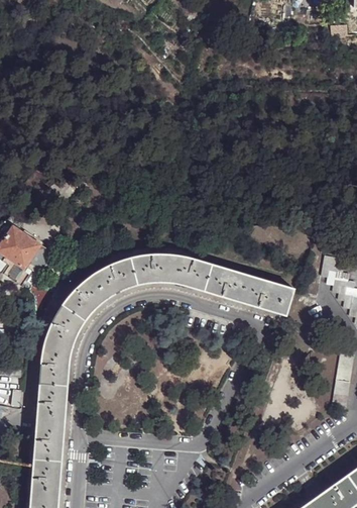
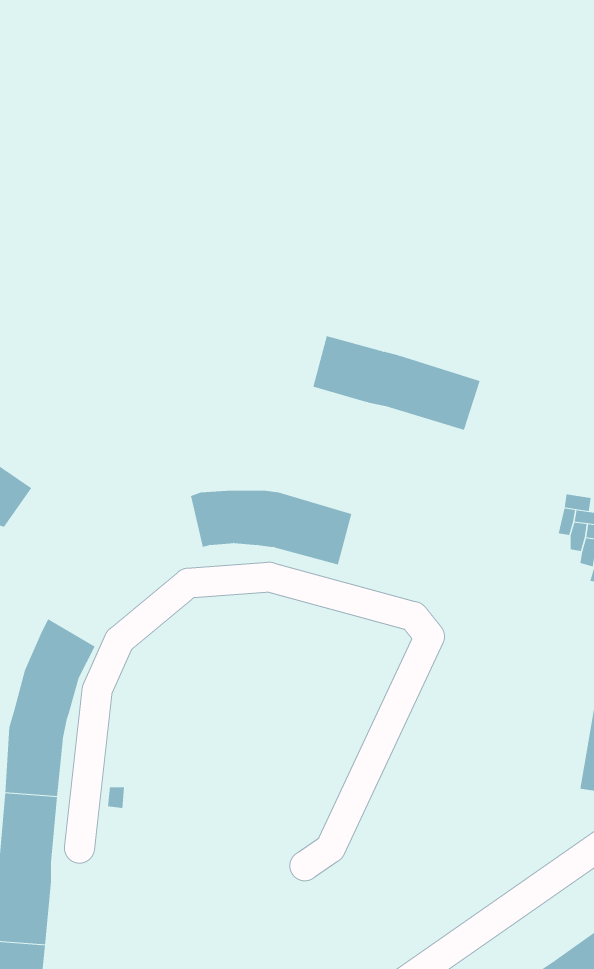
building: [60,257,138,333] -> none
building: [208,266,293,314] -> [312,335,480,430]

